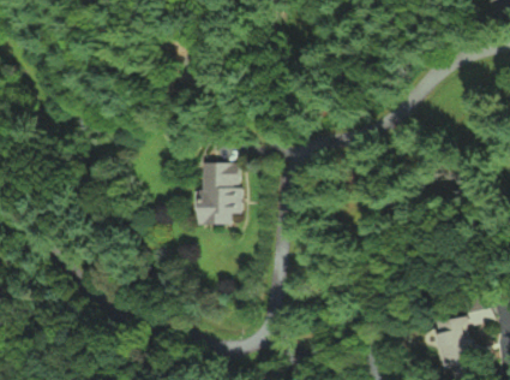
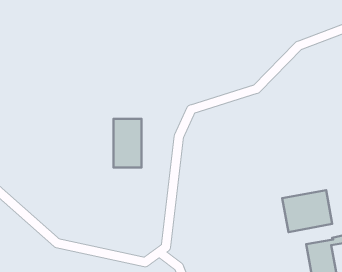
building: none -> [282,190,332,232]

